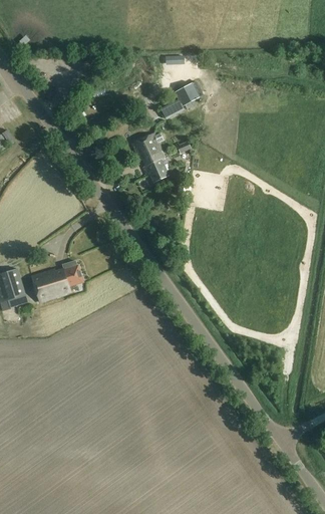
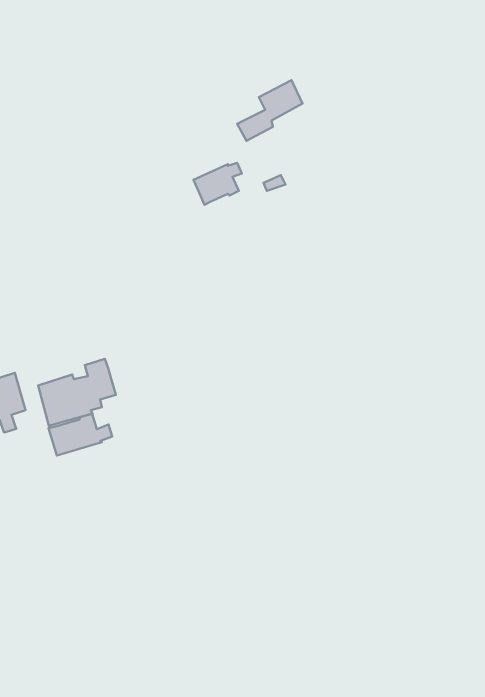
building: [142,151,170,183] -> none
building: none -> [48,414,112,455]

